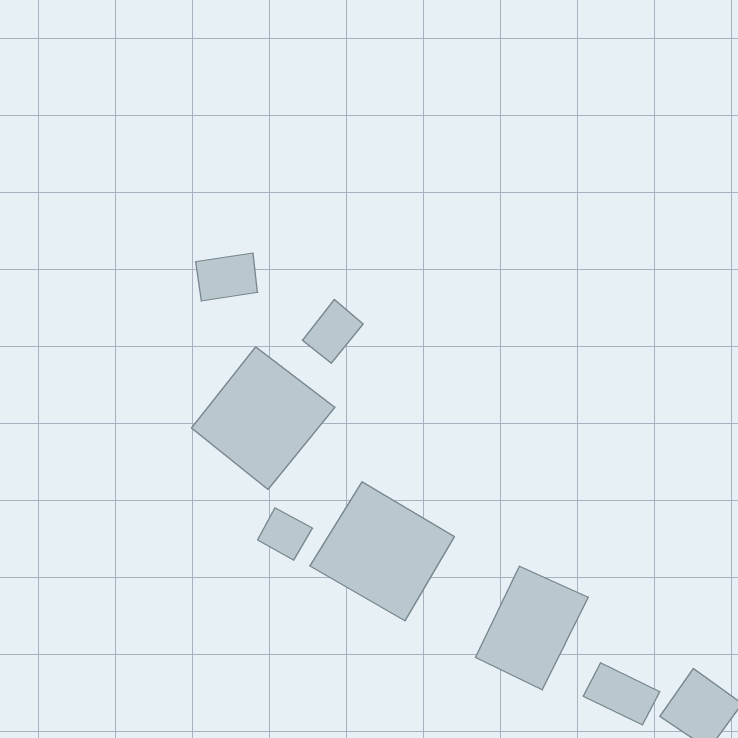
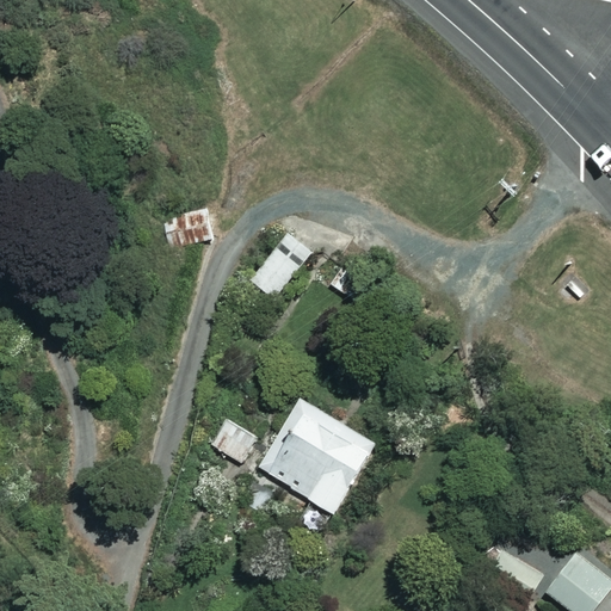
building: [192,347,335,489] -> none
building: [476,566,588,690] -> none

